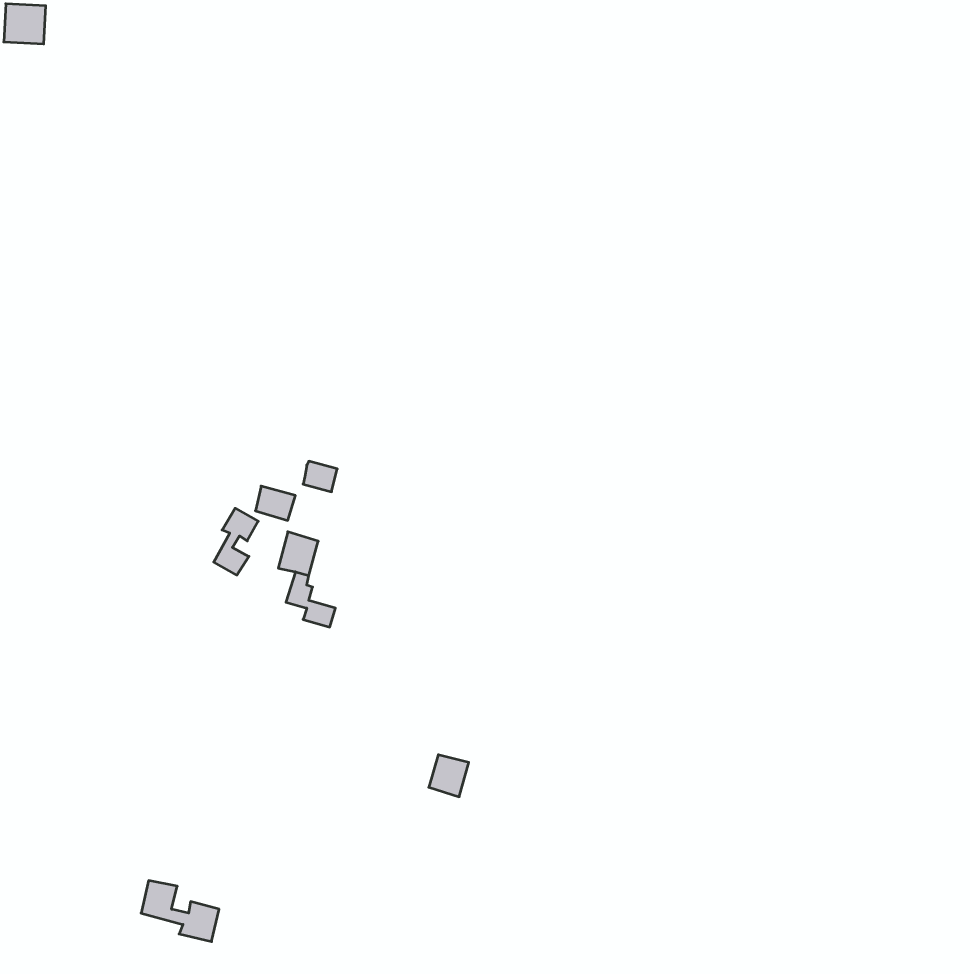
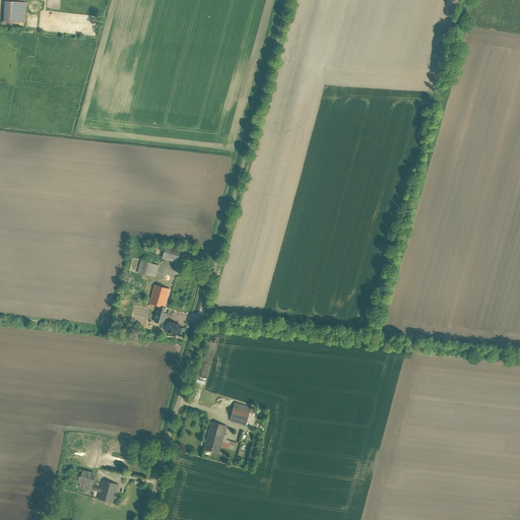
building: [214,508,258,575] -> none
building: none -> [202,421,237,453]

